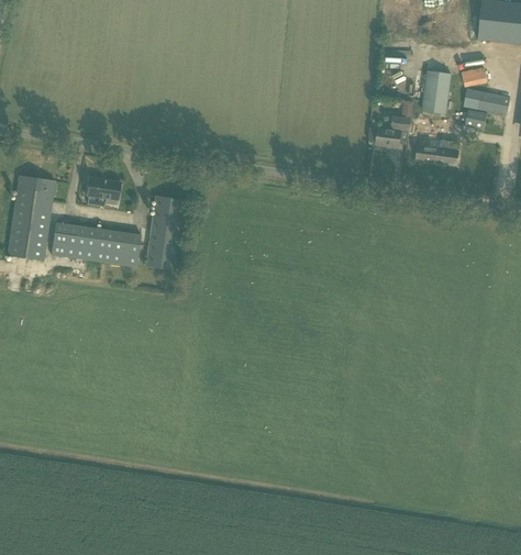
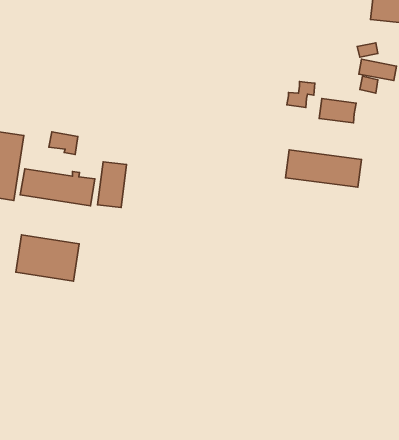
building: [422,70,451,114] -> none
building: [152,195,184,217] -> none
building: none -> [285,150,362,187]
building: none -> [16,235,79,281]

